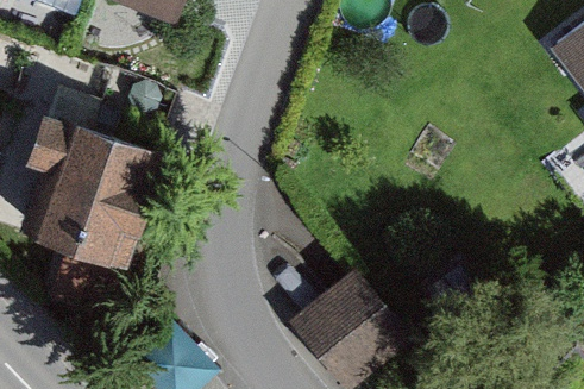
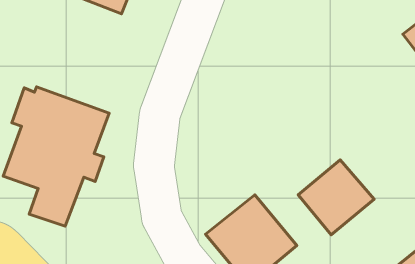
building: none -> [298,160,374,235]

